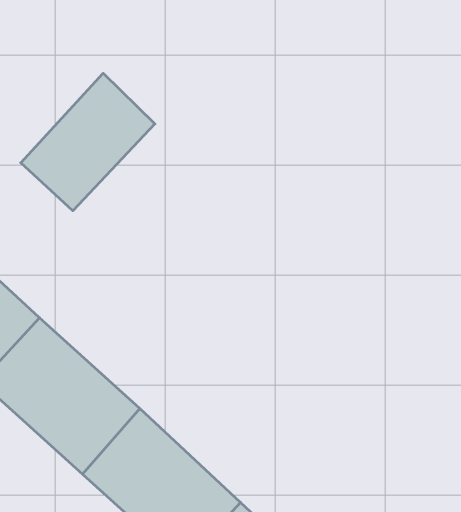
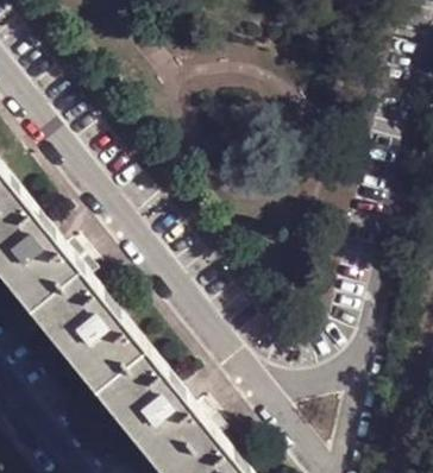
building: [21,73,155,211] -> none

